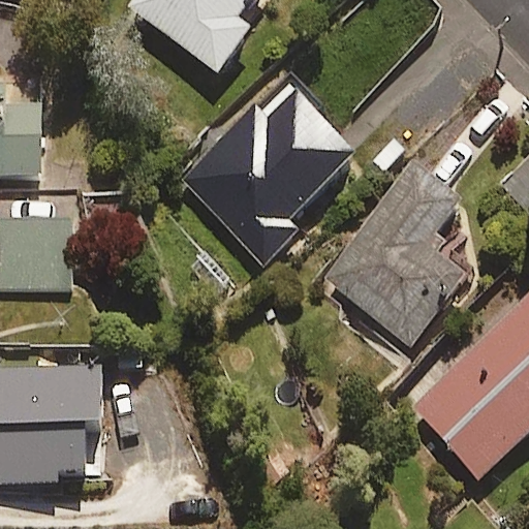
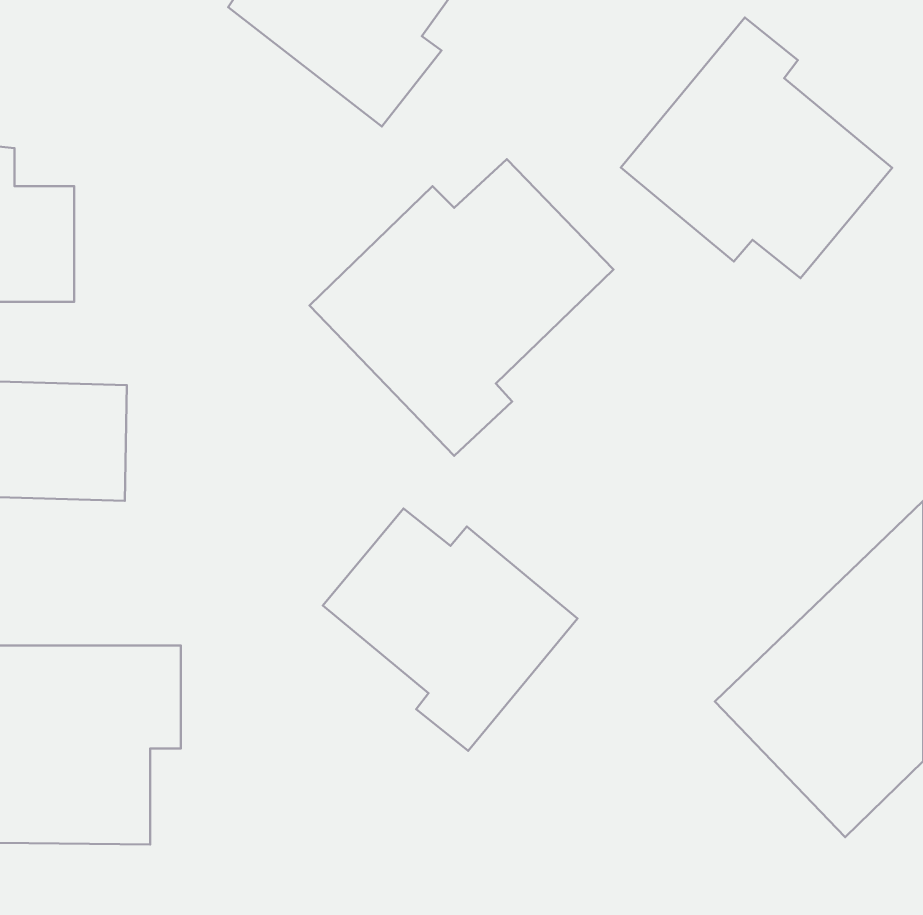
building: none -> [621,18,892,278]
building: [333,164,468,346] -> none
building: none -> [323,508,577,751]

